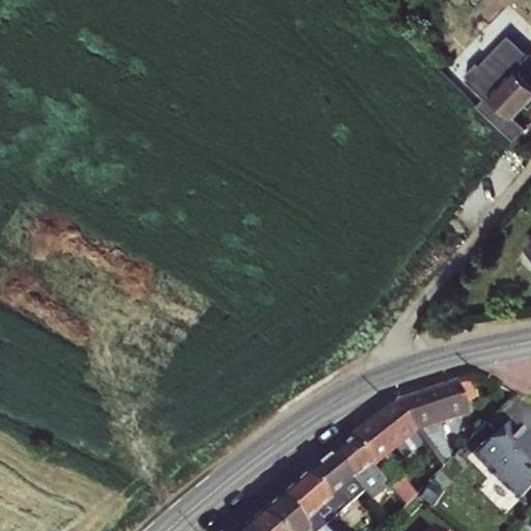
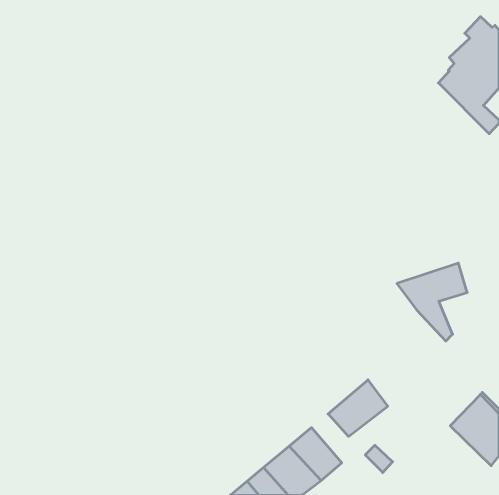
building: [391,382,466,465] -> [397,263,467,341]
building: [331,440,386,497] -> none

